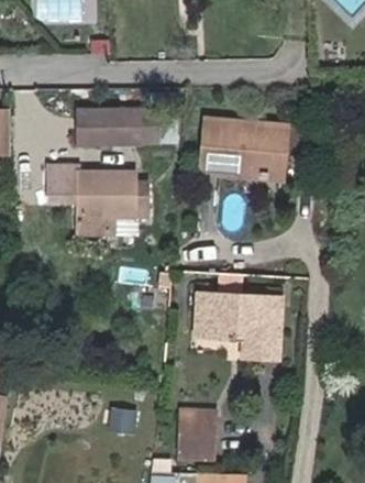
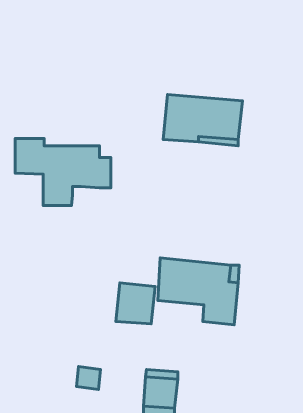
building: [71,111,141,144] -> none
building: none -> [116,283,155,324]

